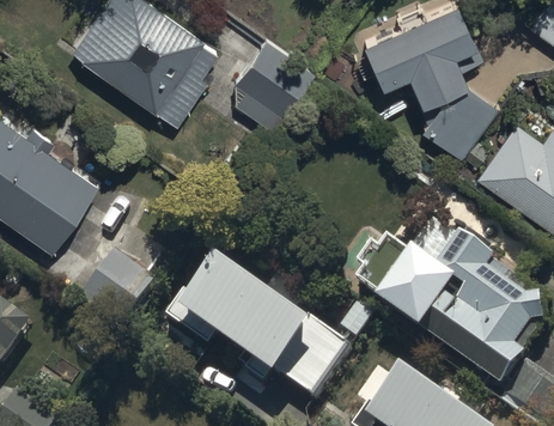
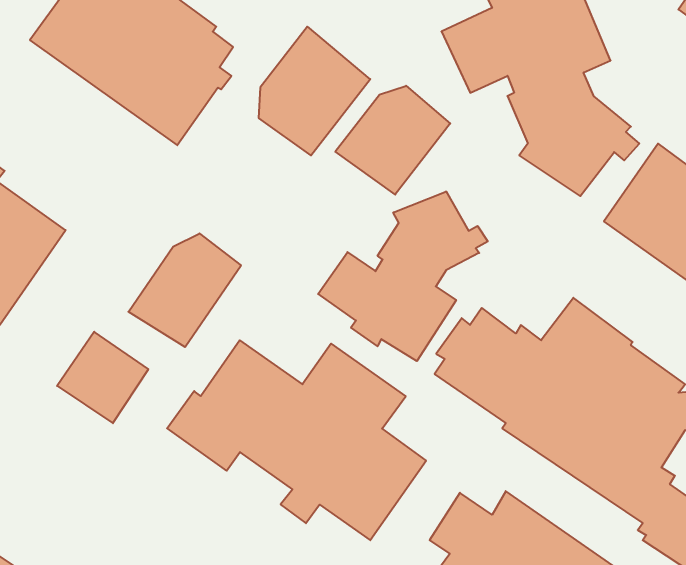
building: none -> [335,86,450,195]
building: none -> [318,191,488,361]
building: none -> [128,233,241,347]

